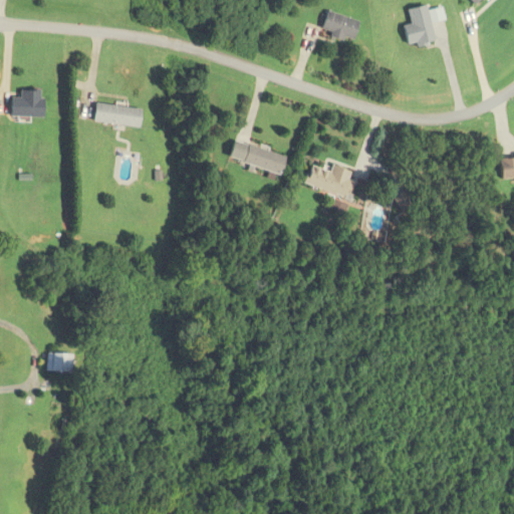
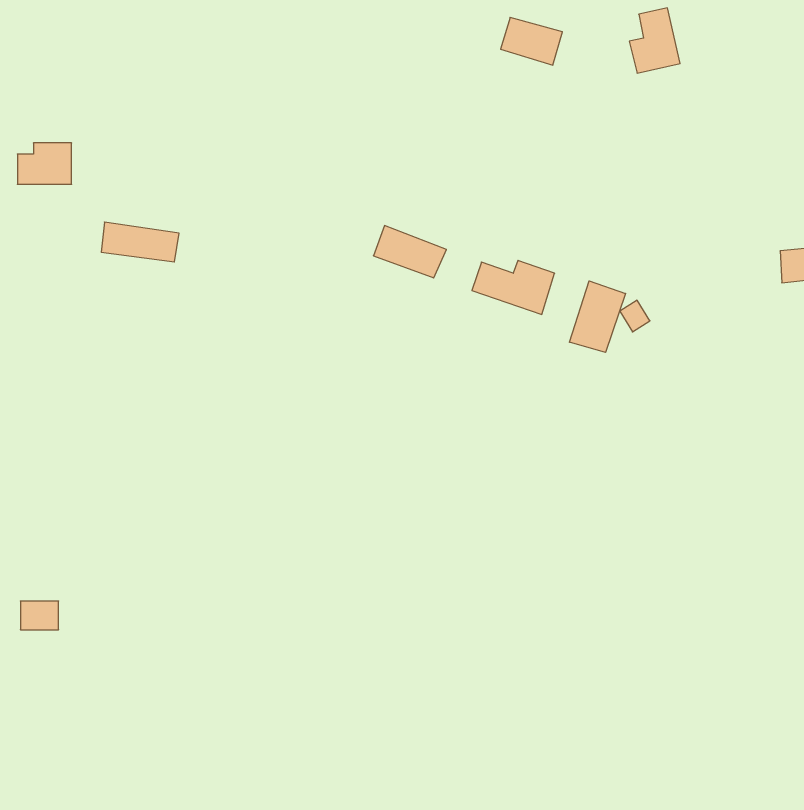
building: [93,102,143,127] -> [101,222,179,262]
building: none -> [569,281,626,352]
building: [48,354,72,372] -> [20,601,59,630]

